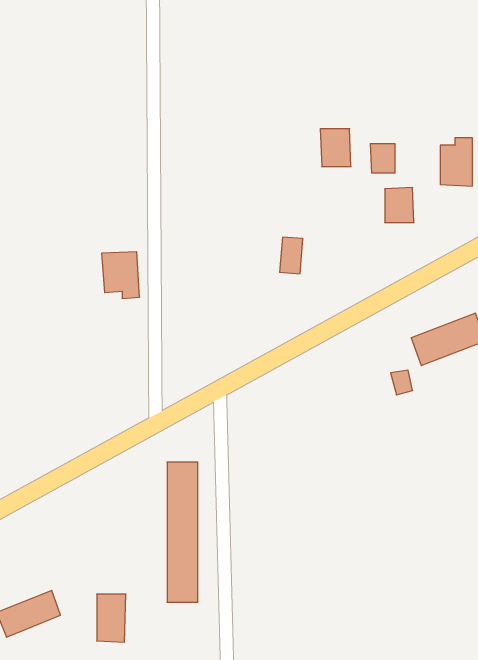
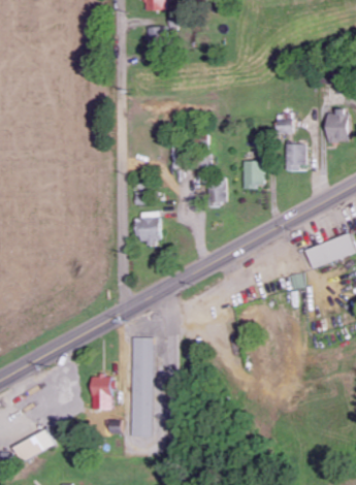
building: [320,129,351,167] -> [244,161,265,188]
building: [102,252,140,298] -> [135,213,162,246]
building: [97,594,126,642] -> [91,376,111,410]

